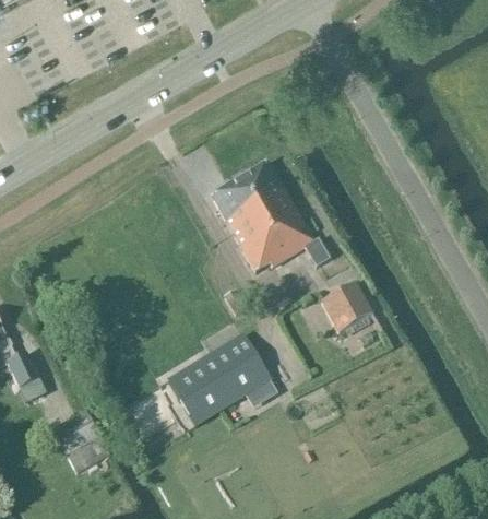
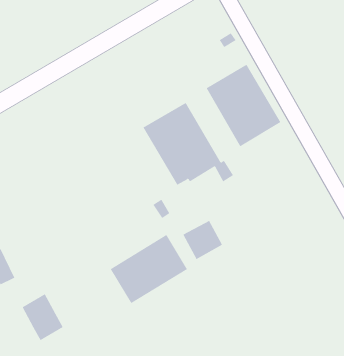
building: none -> [206,64,281,147]
building: [321,281,373,332] -> [183,220,223,260]

